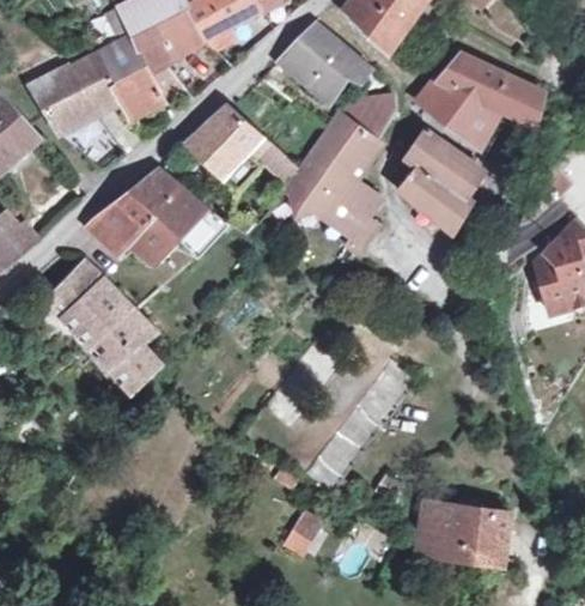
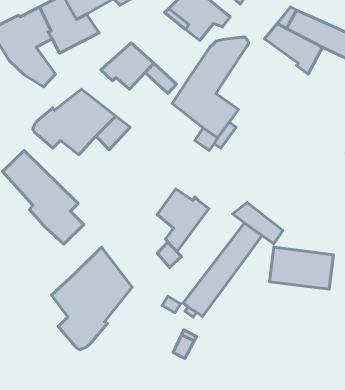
building: [400,131,477,232] -> none
building: none -> [157,189,209,252]
building: none -> [232,203,283,244]
building: none -> [52,247,132,350]
building: [418,502,508,562] -> [270,247,333,289]

